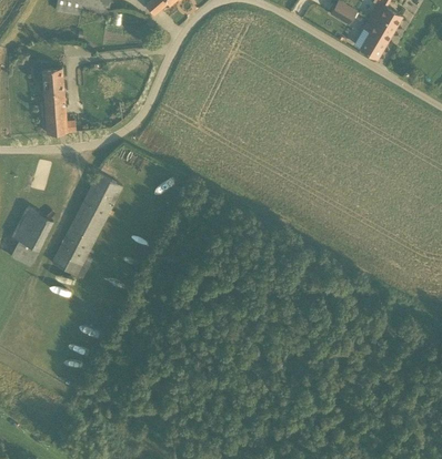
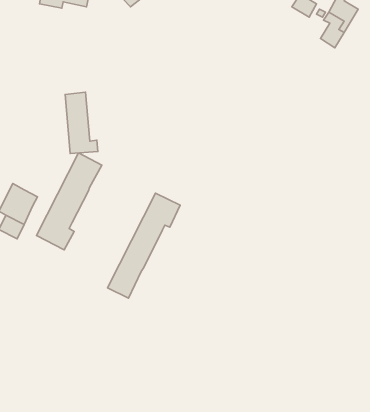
building: [39,68,74,134] -> [65,92,98,154]
building: none -> [108,193,180,298]

